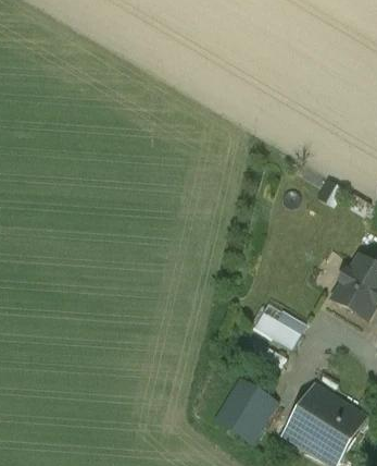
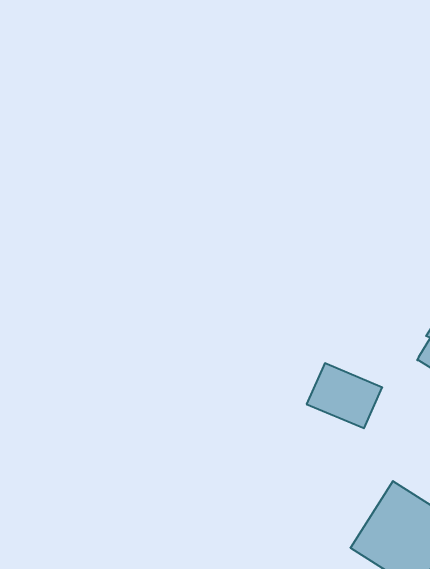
building: [214,378,275,440] -> none

